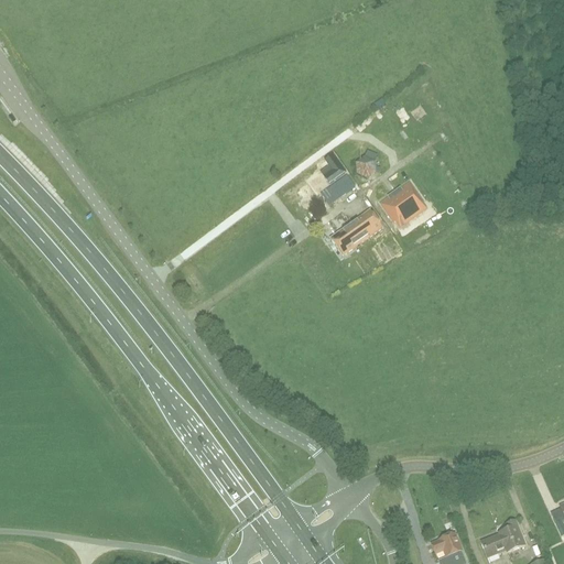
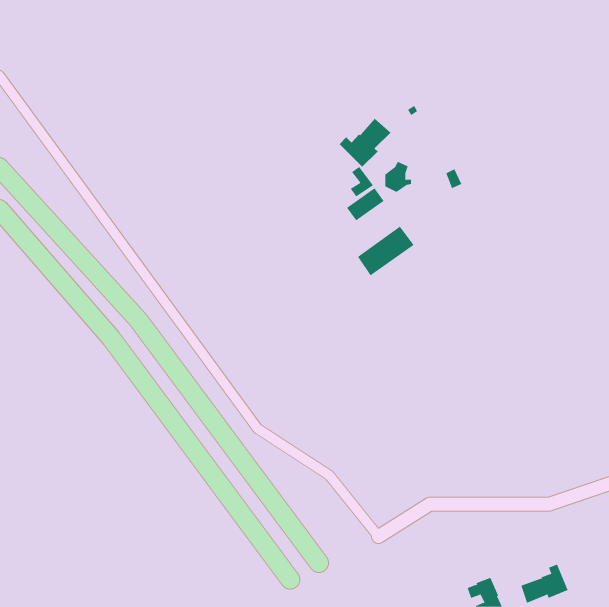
building: none -> [339,118,391,168]
building: [378,181,423,224] -> none

